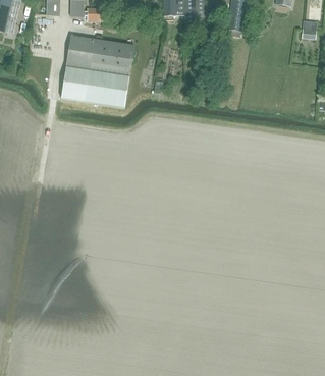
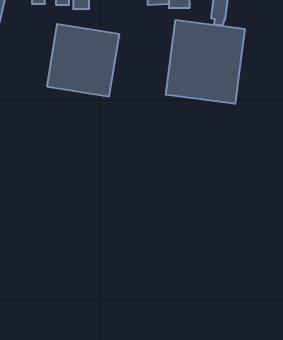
building: none -> [166,20,245,104]

